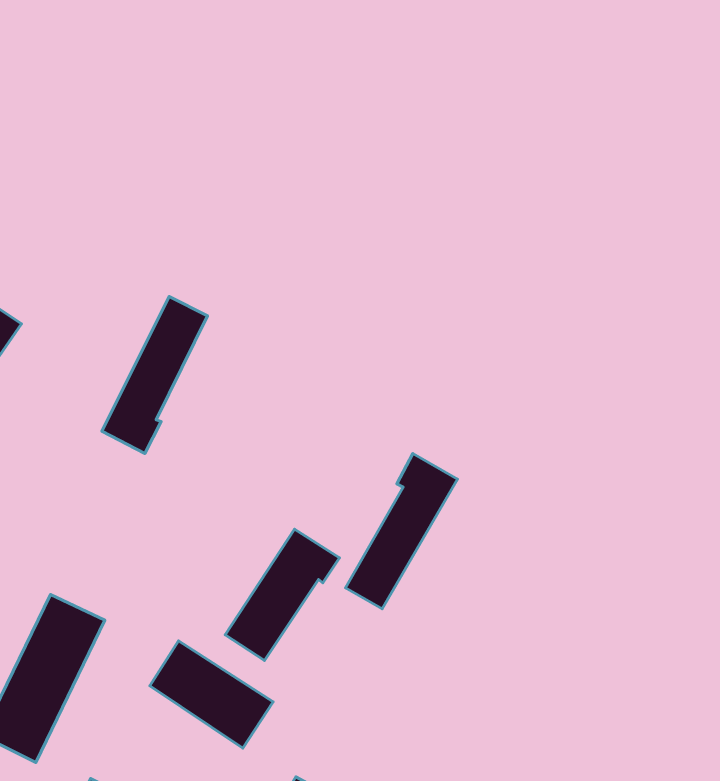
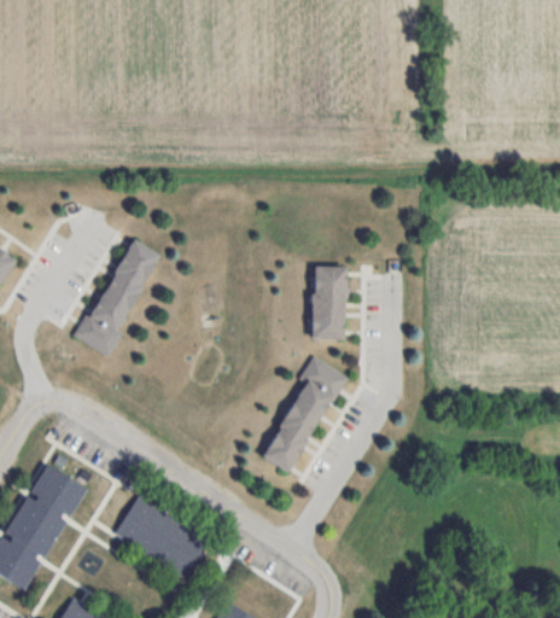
building: none -> [311,266,346,338]
building: [225,529,339,661] -> none

